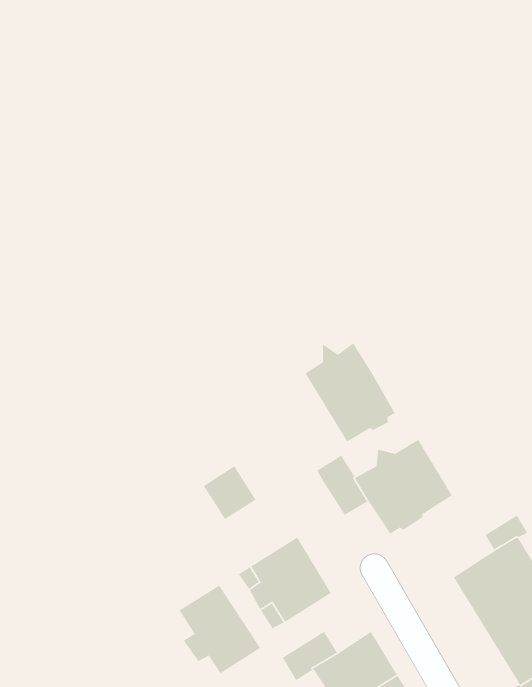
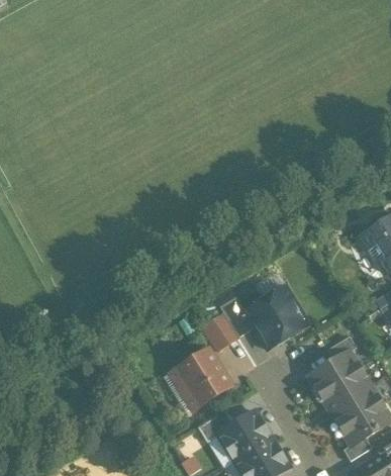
building: [304,343,396,442] -> none
building: [203,465,256,520] -> [204,315,238,351]
building: [179,584,261,674] -> none

